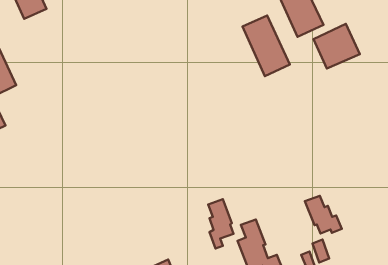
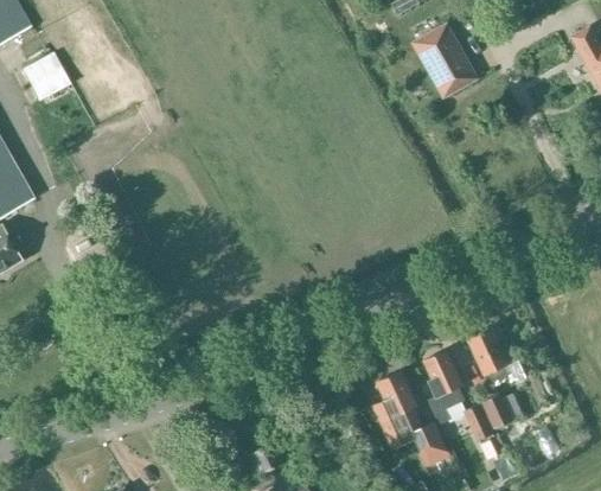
building: [242,16,290,76] -> none
building: [314,24,360,69] -> none
building: [208,199,234,249] -> [423,350,463,423]

